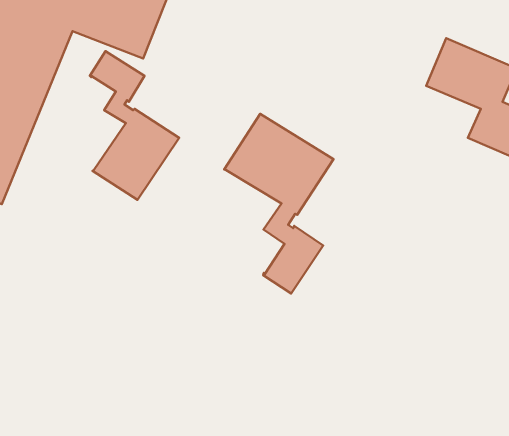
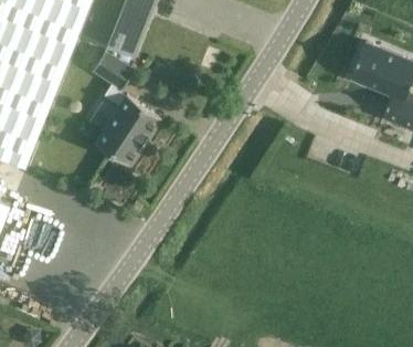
building: [224,114,334,294] -> none

